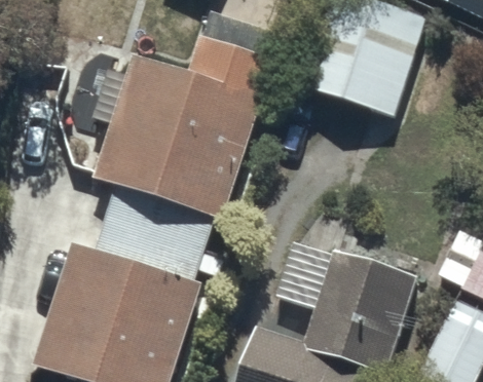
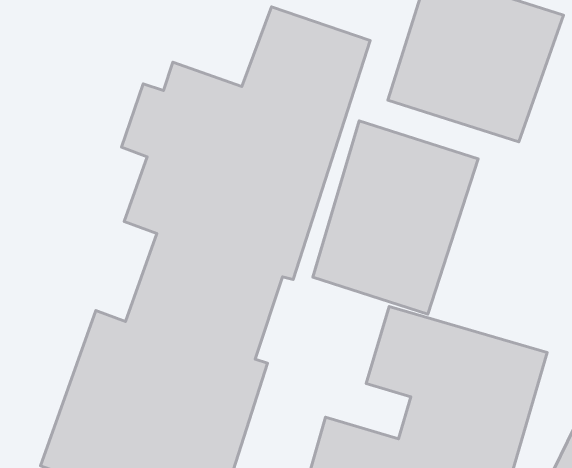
building: none -> [313,121,478,314]

